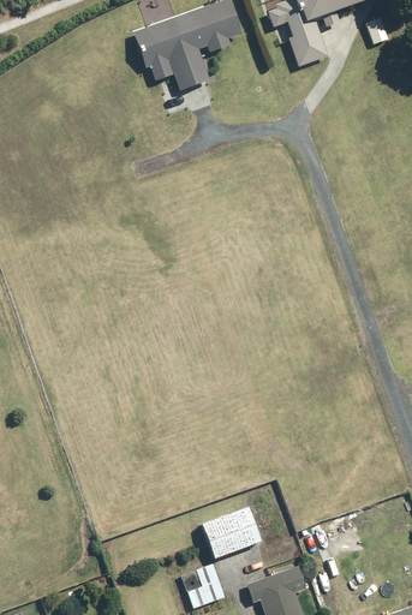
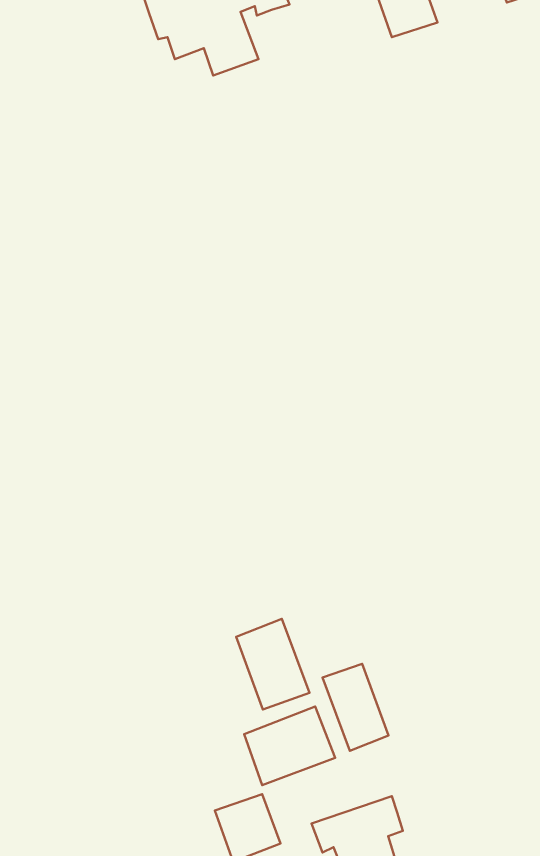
building: none -> [236,619,310,709]
building: none -> [322,664,388,751]

